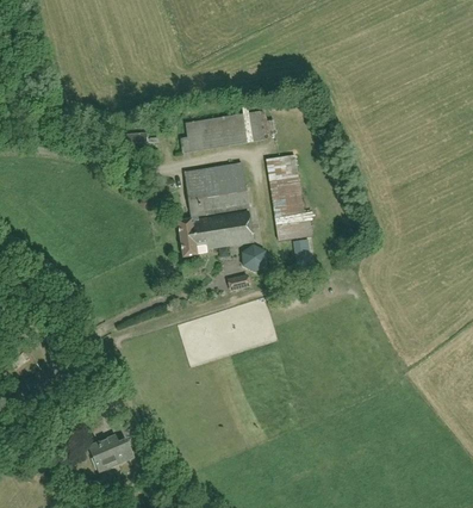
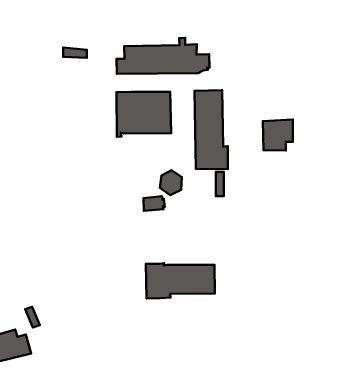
building: none -> [263,120,293,150]
building: [176,211,253,256] -> [146,263,215,298]

